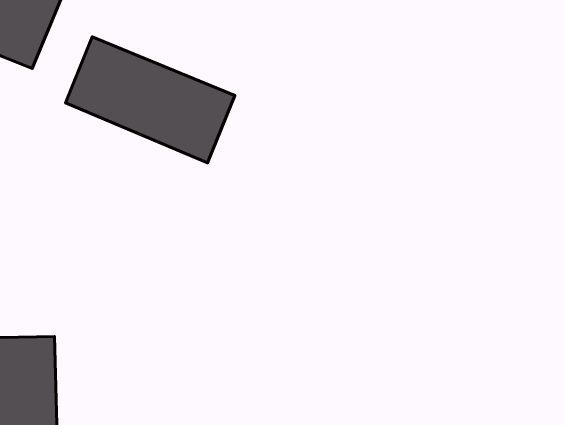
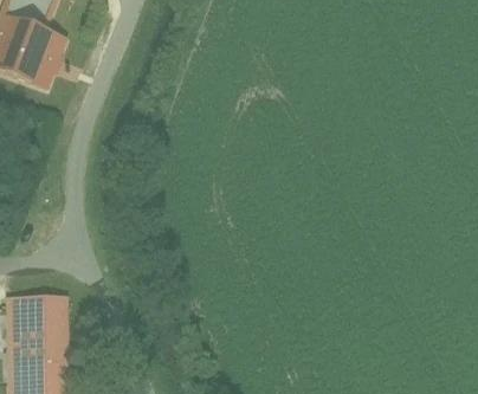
building: [65,37,235,163] -> none

